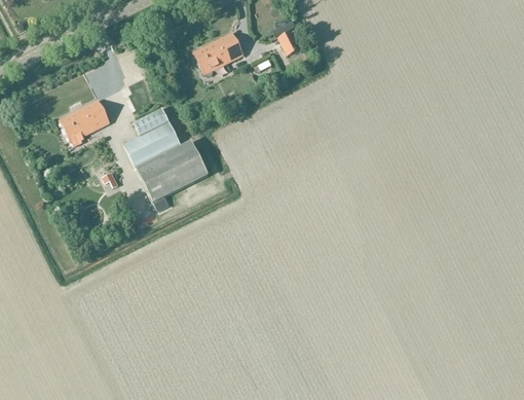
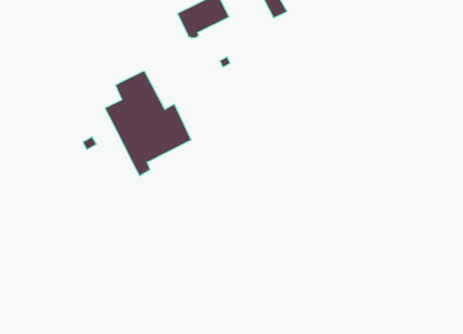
building: [60,100,111,147] -> none

